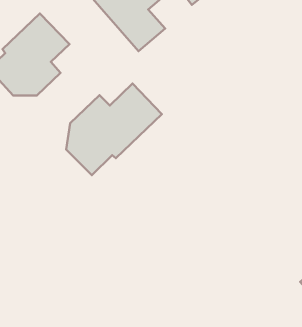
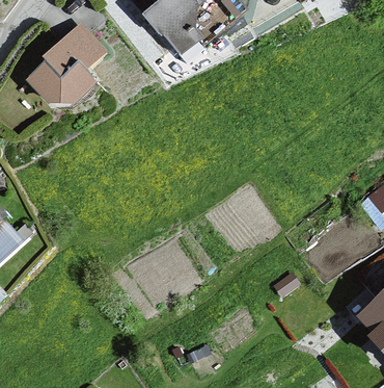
building: [66,83,162,175] -> none

